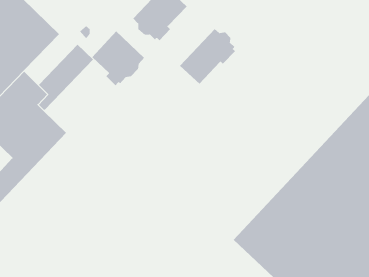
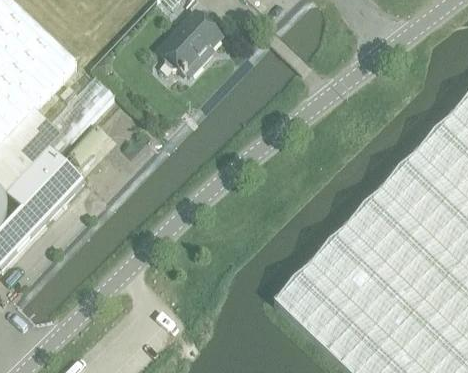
building: [179,28,236,85] -> none
building: [91,31,145,86] -> none

